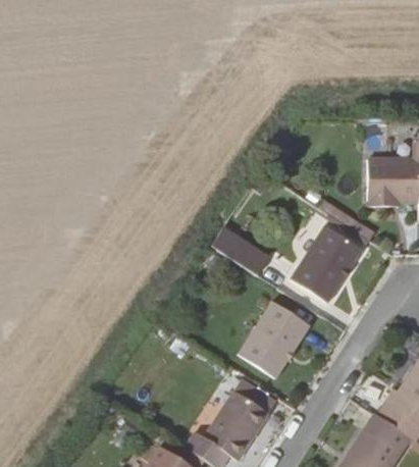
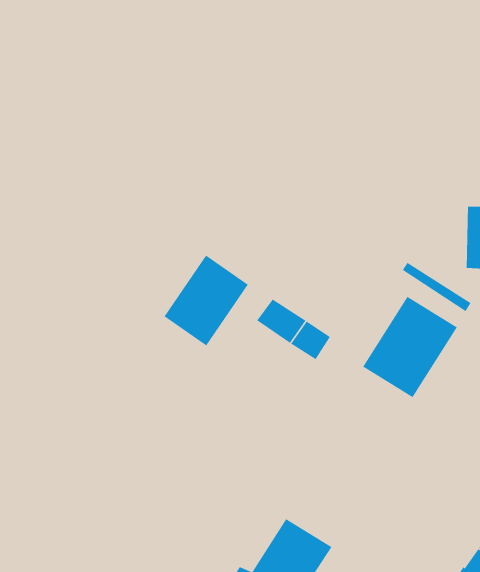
building: none -> [164,255,249,346]
building: [239,301,310,378] -> none

